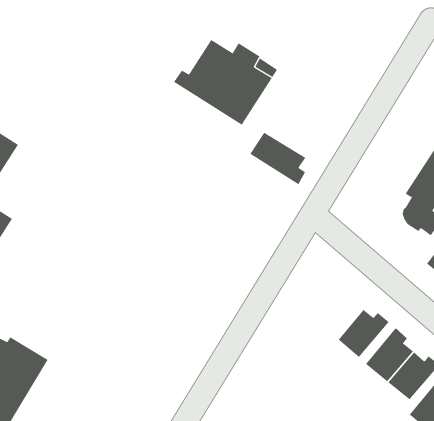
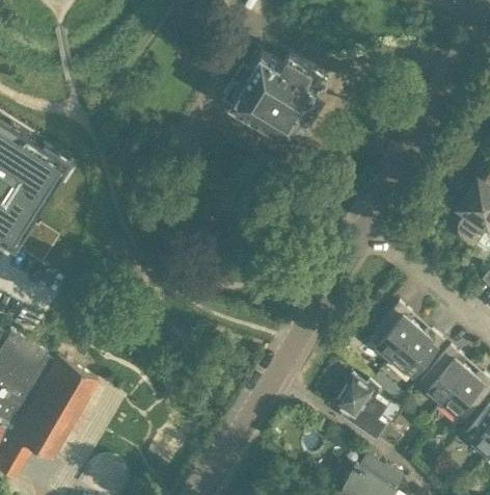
building: [250,132,306,185] -> none
building: none -> [369,304,417,360]
building: none -> [333,376,387,439]

